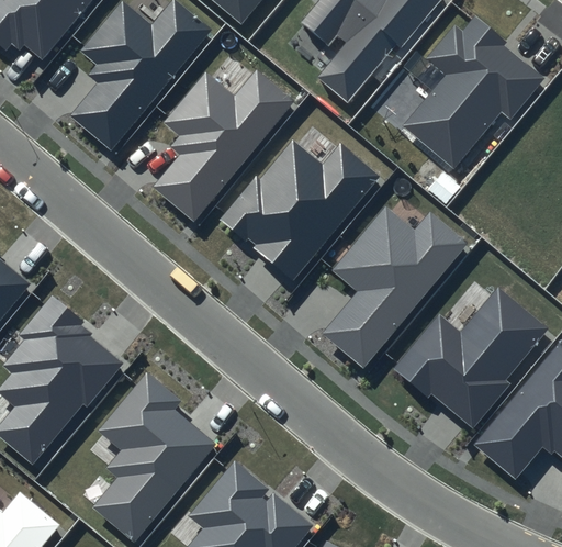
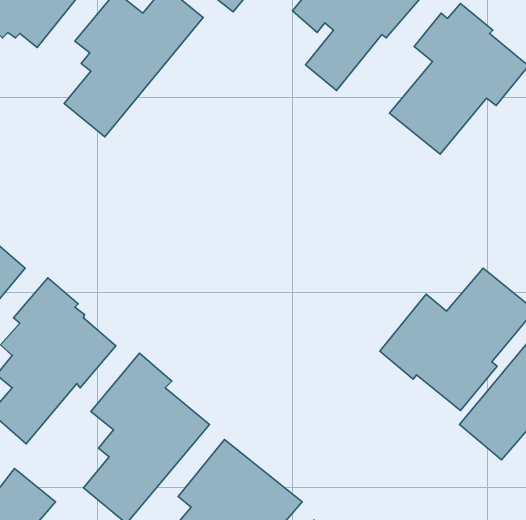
building: [154,68,294,221] -> none
building: [218,138,381,282] -> none
building: [325,204,467,366] -> none

